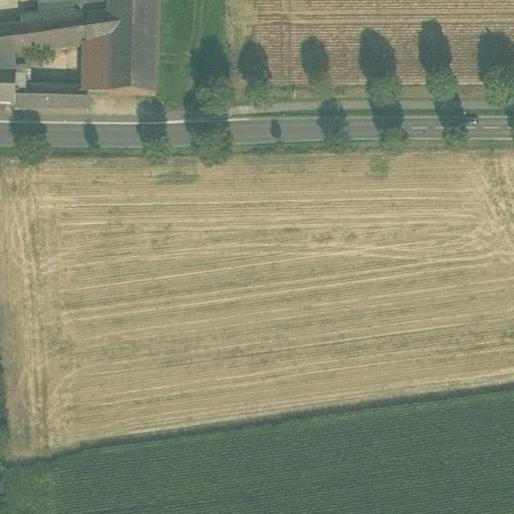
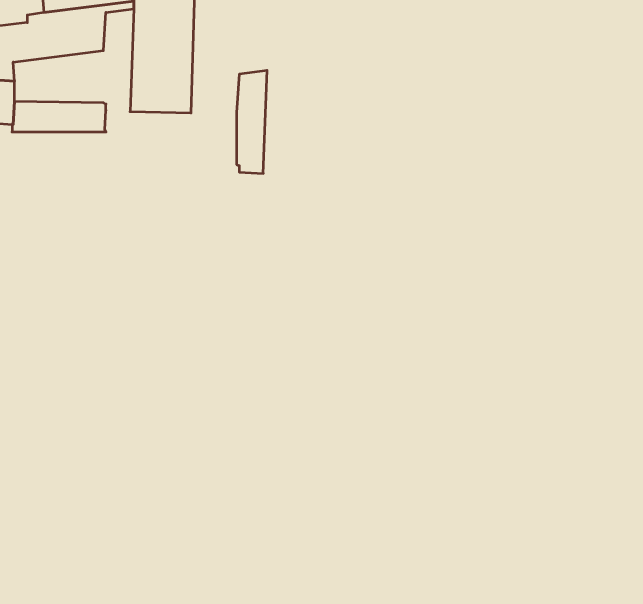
building: [82,8,106,89] -> [237,70,267,173]

